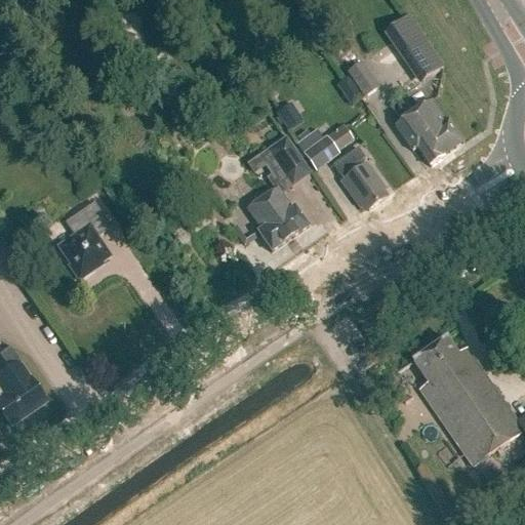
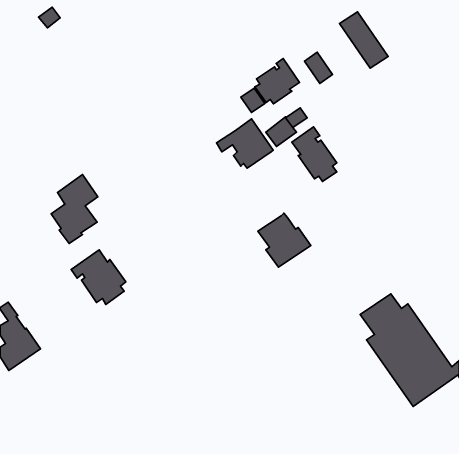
building: none -> [255,59,300,104]
building: [395,97,463,164] -> none
building: [248,187,309,248] -> [258,213,311,267]
building: none -> [71,250,126,304]

